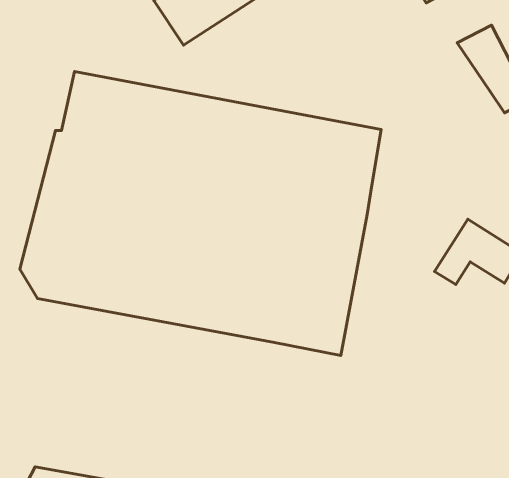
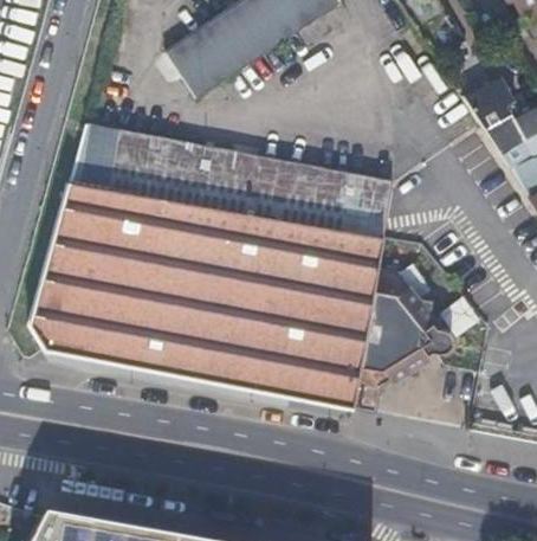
building: none -> [354,264,451,408]

